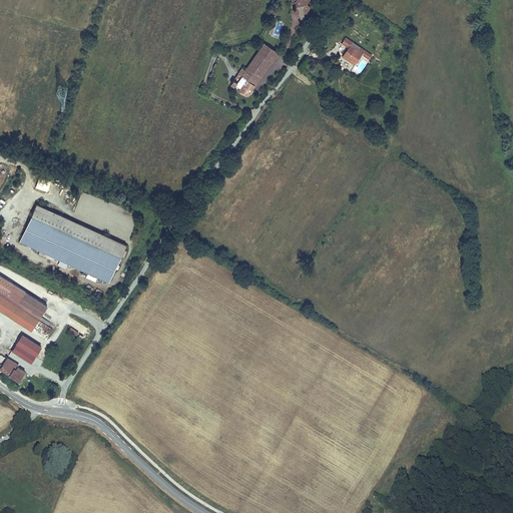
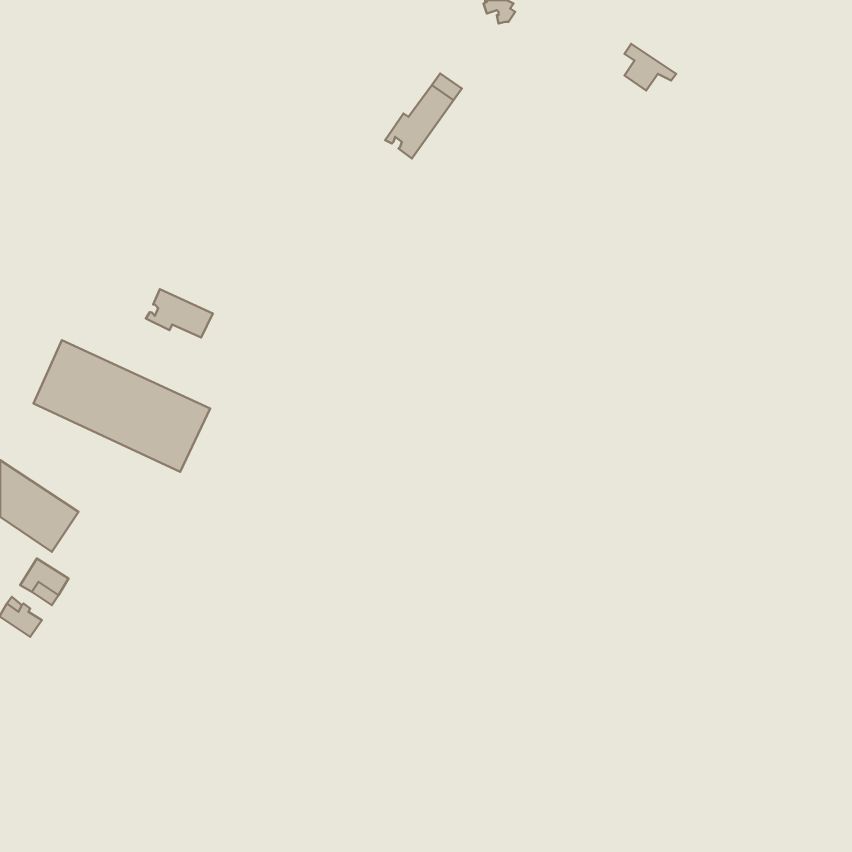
building: [341,38,372,66] -> [625,44,676,91]
building: none -> [146,289,213,337]

